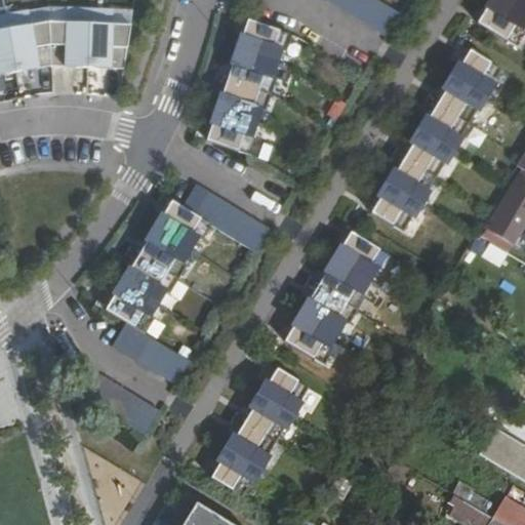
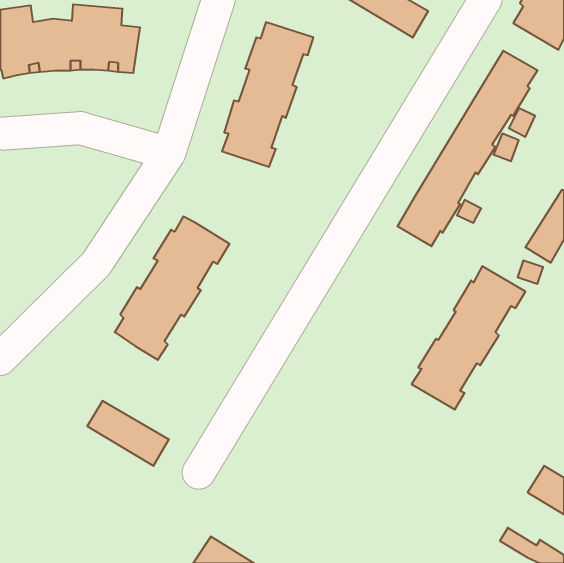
building: [181,184,267,250] -> none
building: [287,229,393,362] -> [412,266,525,410]
building: [112,322,187,382] -> none
building: [209,363,308,493] -> none

